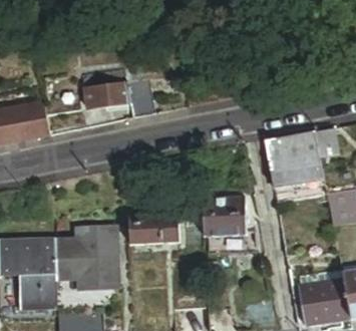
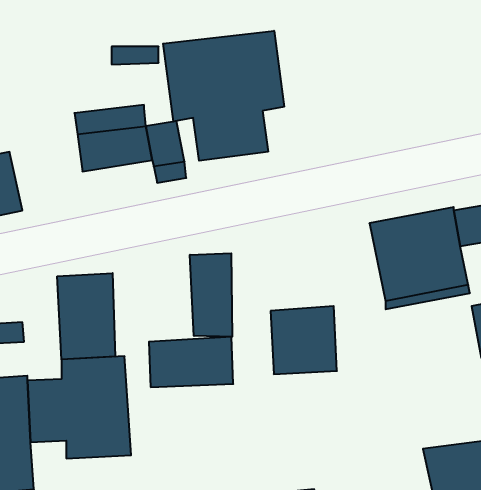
building: none -> [163,31,284,161]
building: none -> [190,253,232,337]
building: none -> [57,273,115,360]

